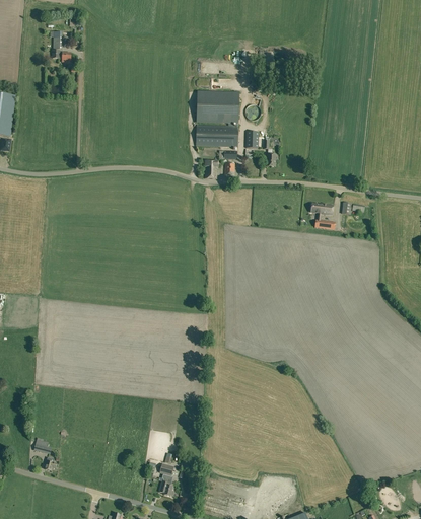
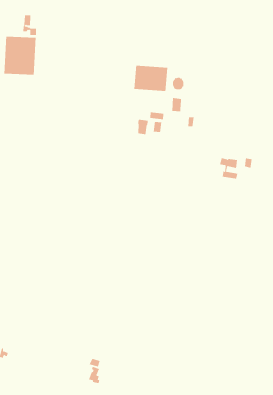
building: none -> [4,36,36,76]
building: [196,124,238,146] -> none

